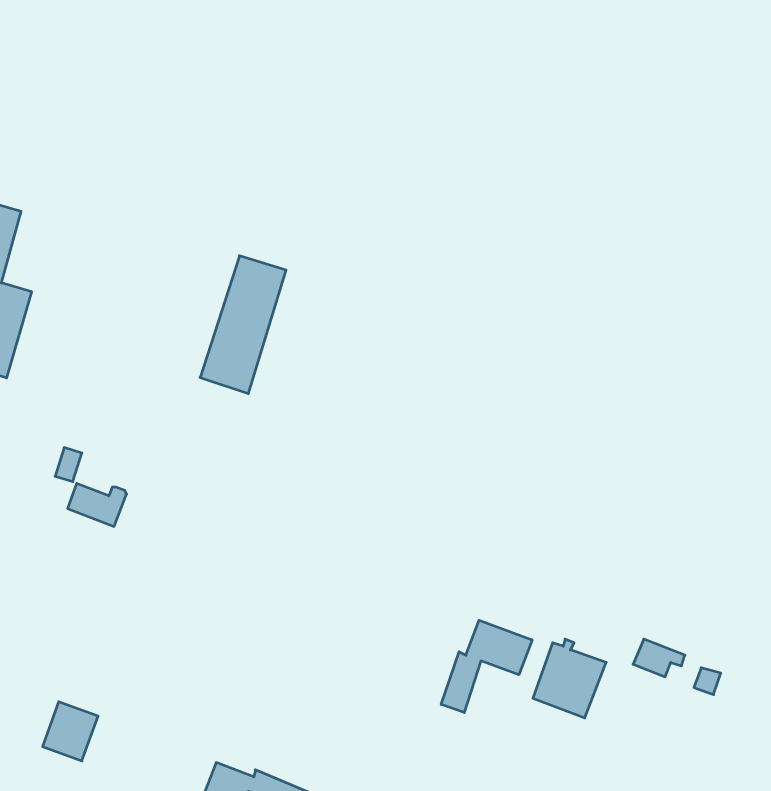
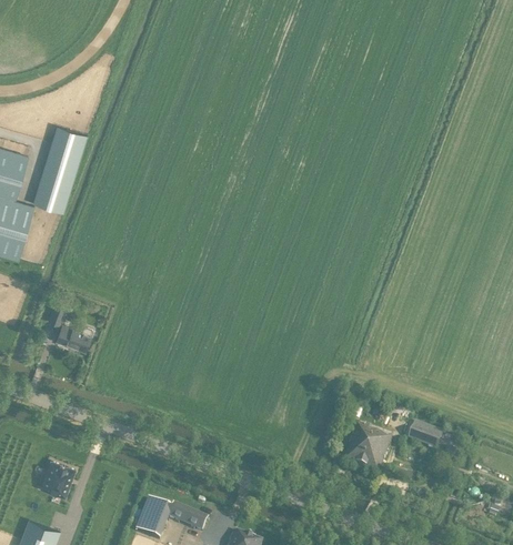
building: [200,256,286,394] -> [32,127,86,212]
building: [441,620,532,713] -> none

